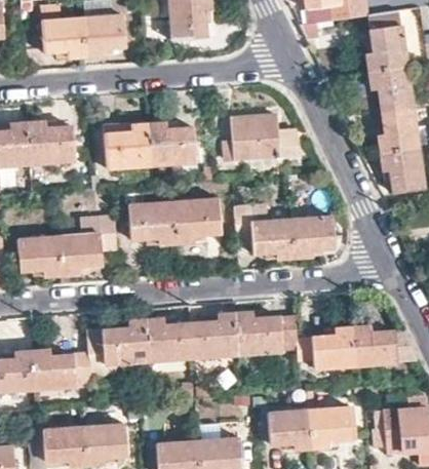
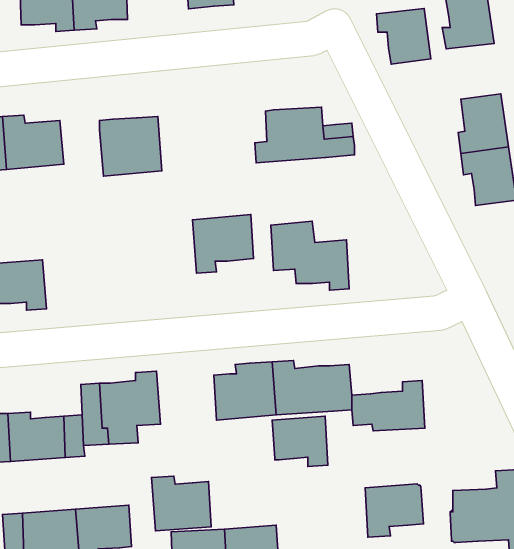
building: [370,67,413,110] -> [376,8,431,64]
building: [148,123,195,165] -> none
building: [130,195,178,245] -> none
building: [58,217,118,272] -> none
building: [294,217,336,257] -> none
building: [147,319,193,361] -> [151,476,211,531]
building: [352,327,418,364] -> none
building: [267,411,310,450] -> [272,416,328,466]

